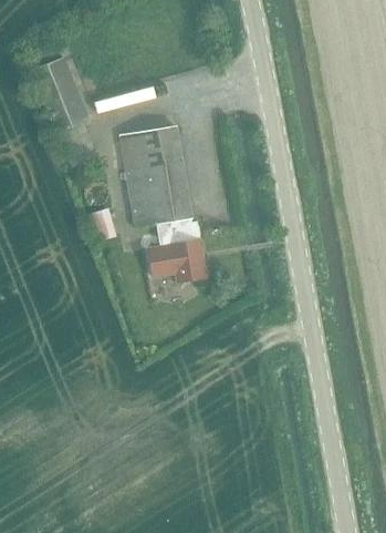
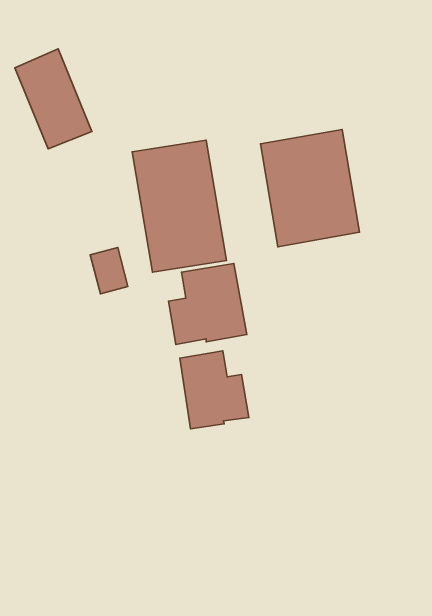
building: none -> [260,129,359,247]
building: none -> [180,351,249,429]

